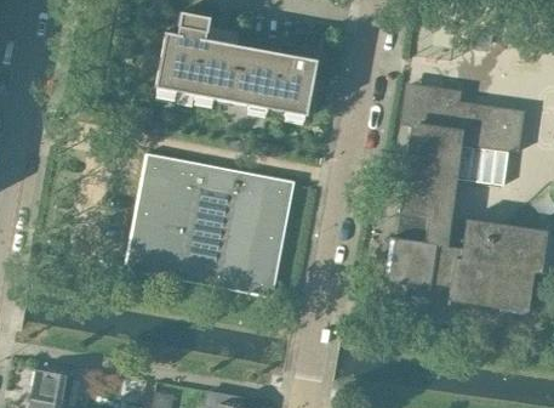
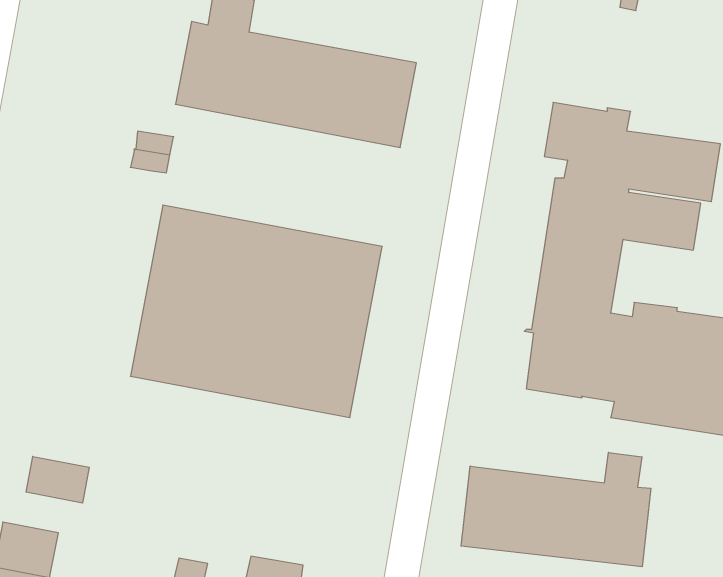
building: none -> [461,452,651,567]
building: none -> [26,456,89,503]

